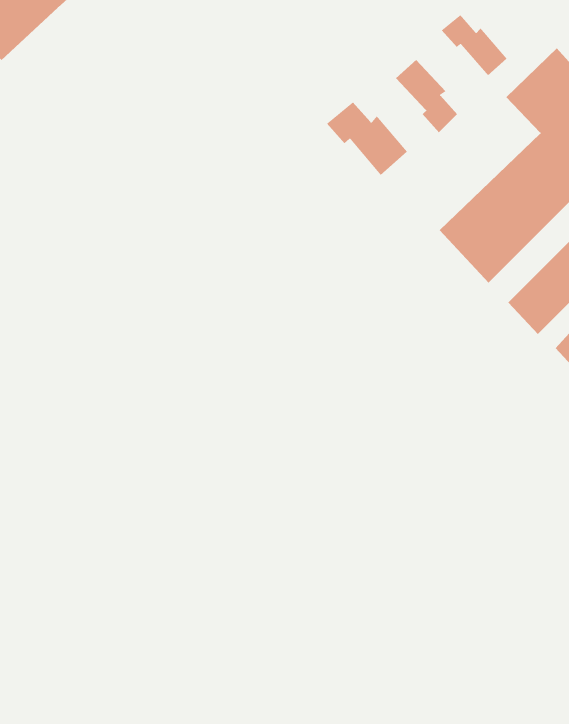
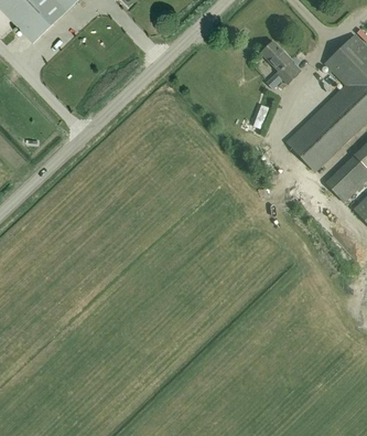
building: [441,14,507,76] -> none
building: [326,102,408,176] -> none

